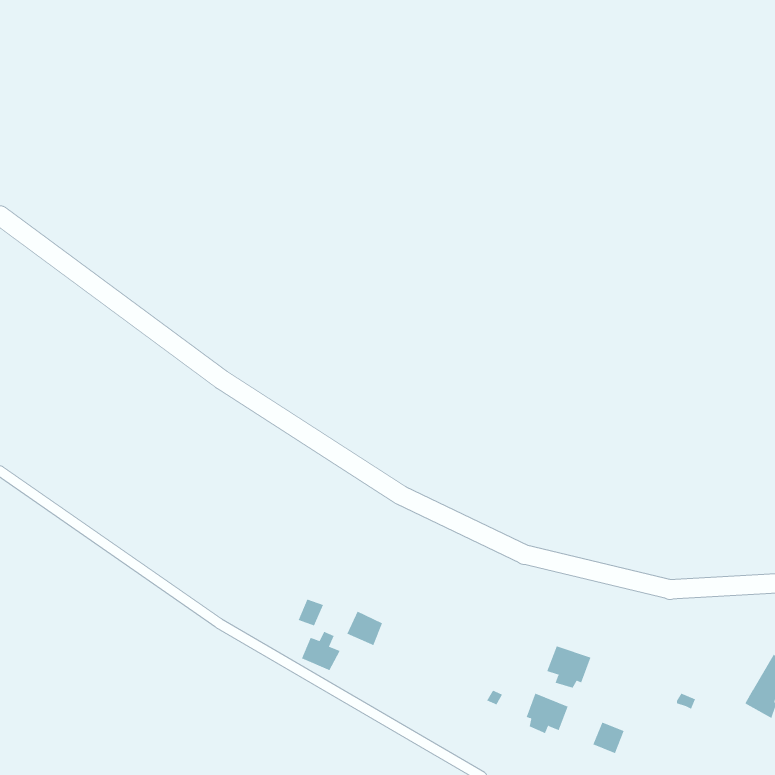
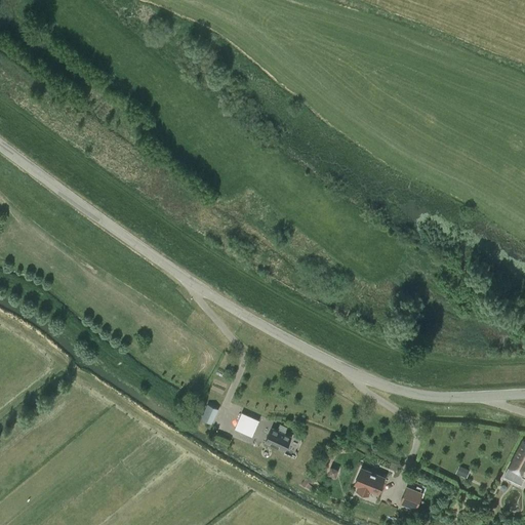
building: [301,631,341,671] -> [266,425,292,451]
building: [547,645,591,689] -> none

